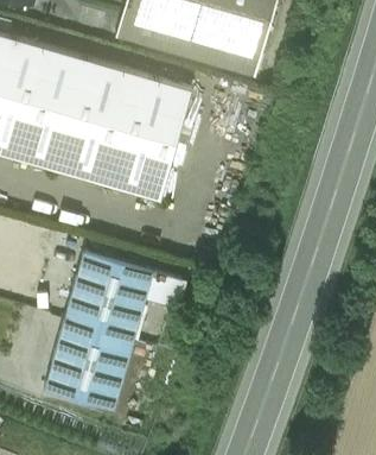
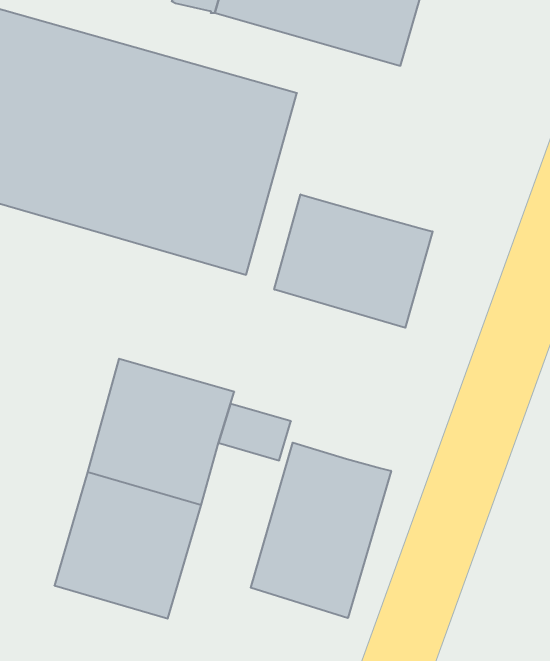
building: none -> [274,194,433,328]
building: none -> [251,443,391,618]

